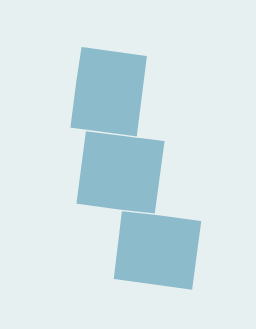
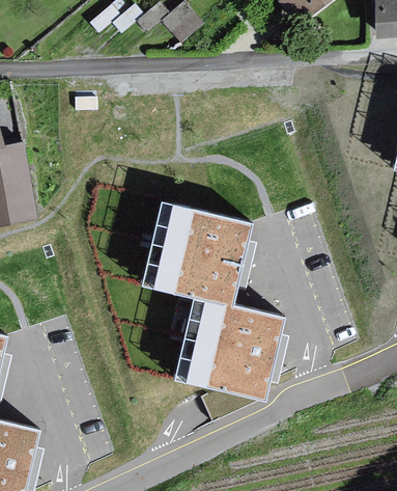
building: [69,46,148,137] -> none

